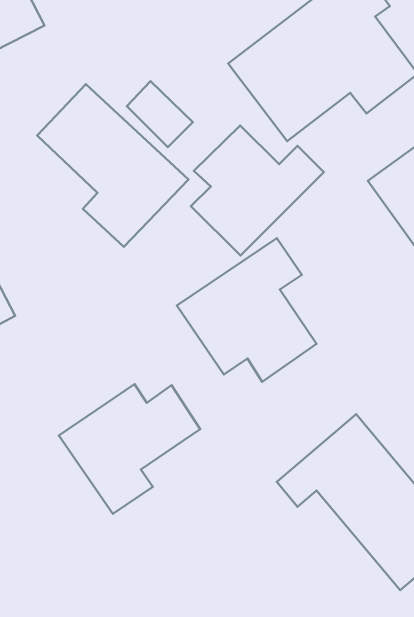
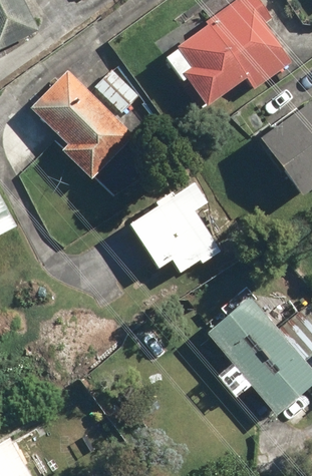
building: [191,126,324,256] -> none
building: [59,384,200,514] -> none

